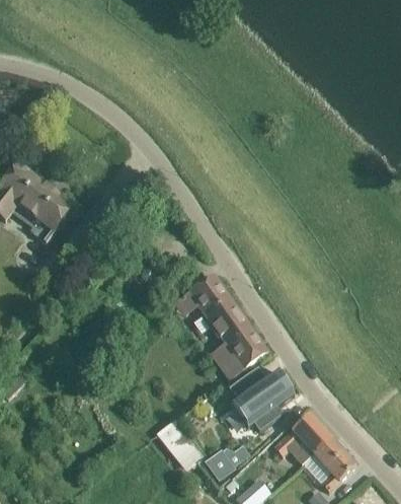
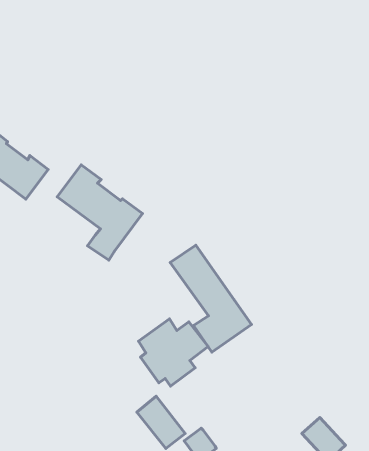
building: none -> [57,165,143,260]
building: [228,367,294,431] -> [138,319,208,386]
building: [274,416,331,465] -> none

